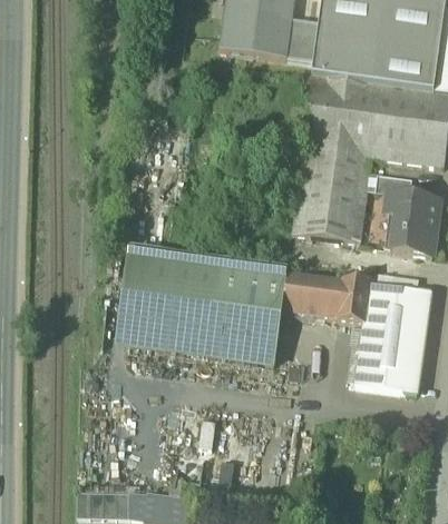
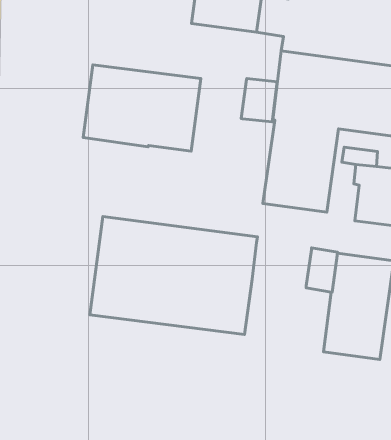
building: none -> [83,65,201,151]
building: none -> [241,79,277,122]
building: [284,271,345,316] -> none

